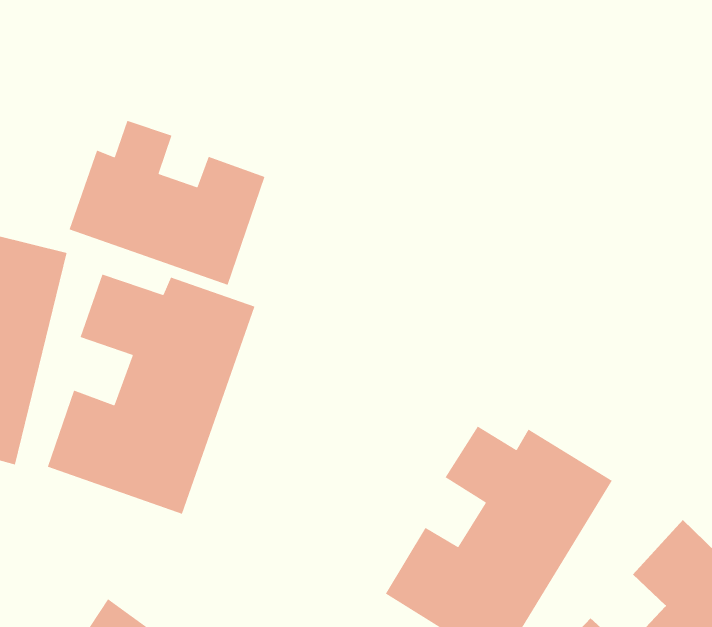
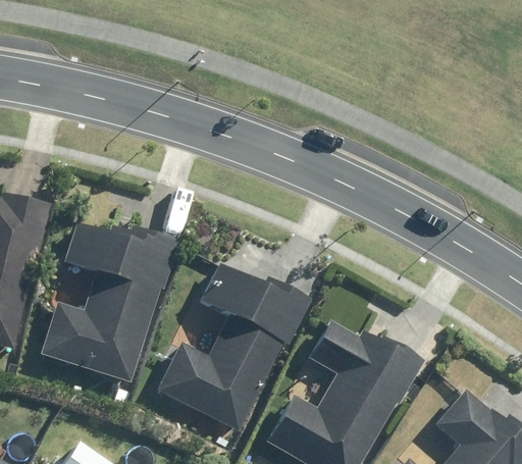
building: [69,120,266,286] -> none
building: none -> [154,262,313,437]

